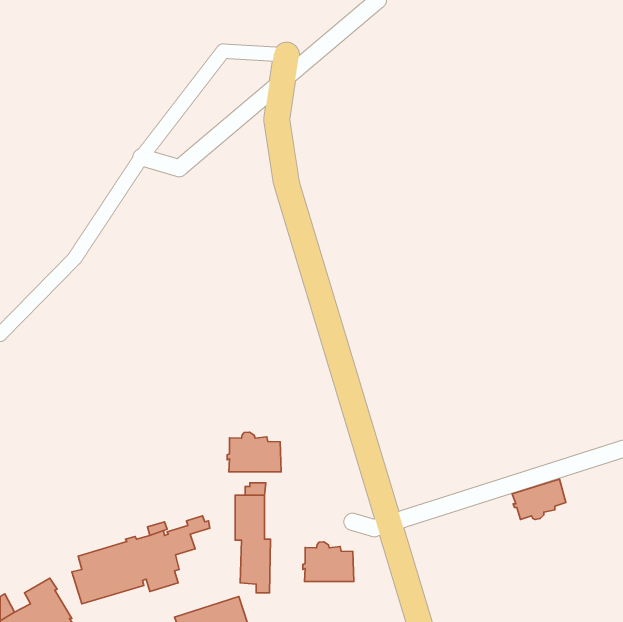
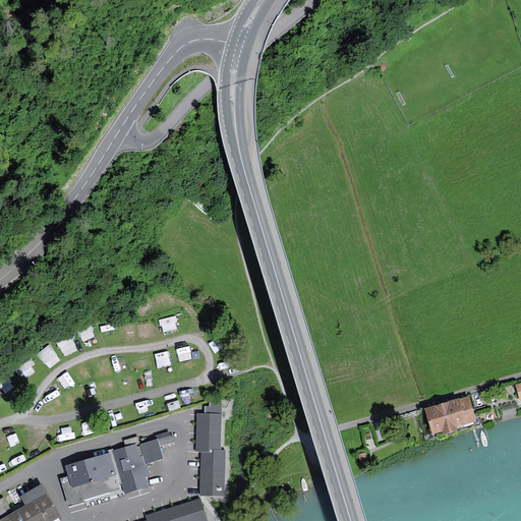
building: [227,432,281,472] -> none
building: [303,542,354,582] -> none

